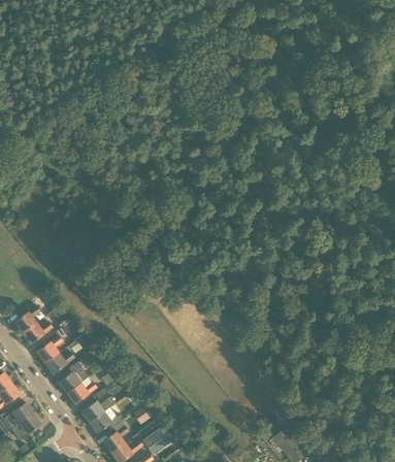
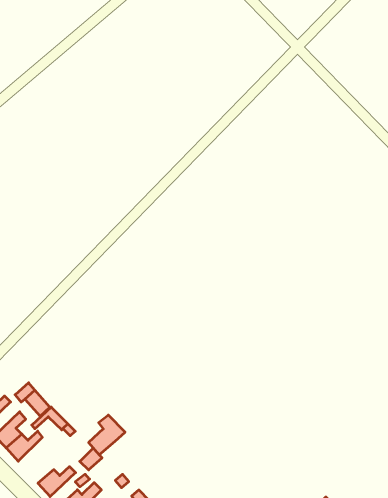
building: [60,362,89,392] -> [89,415,125,455]

